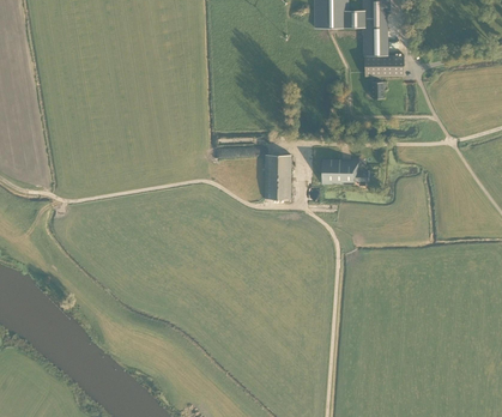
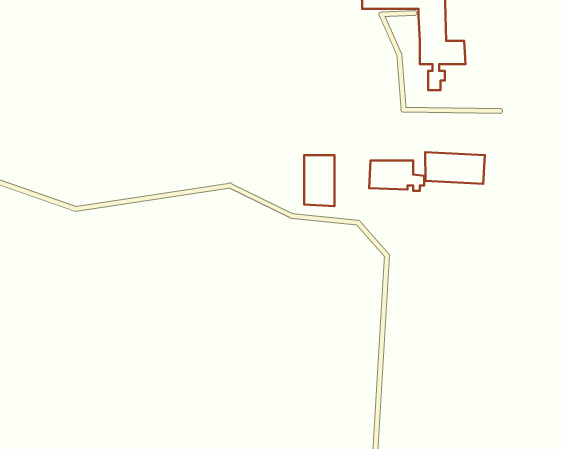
building: none -> [425,152,485,184]

